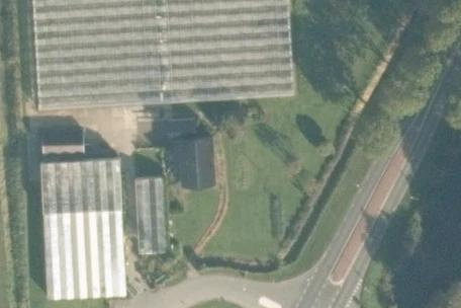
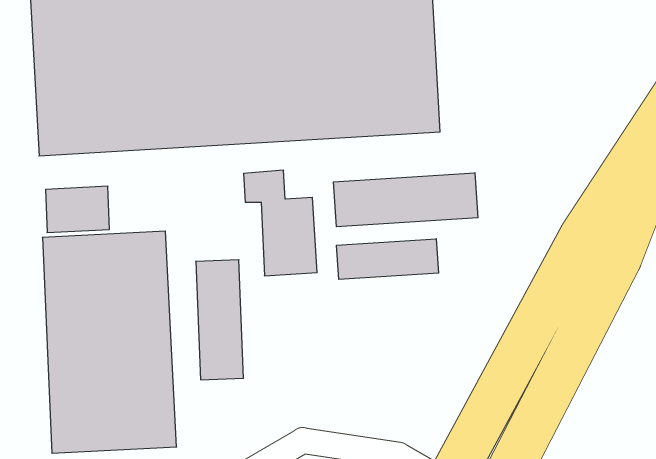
building: none -> [333,173,478,227]
building: none -> [336,239,439,279]

